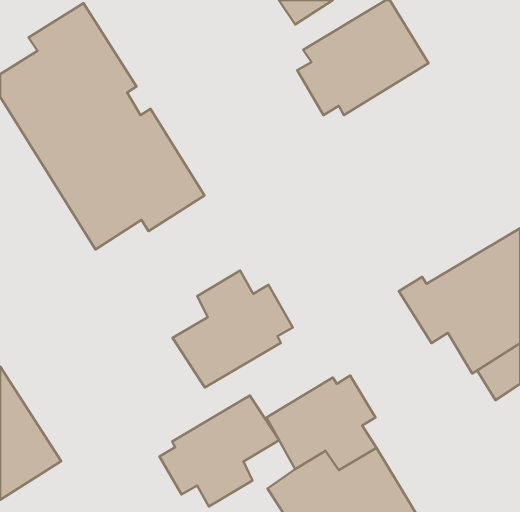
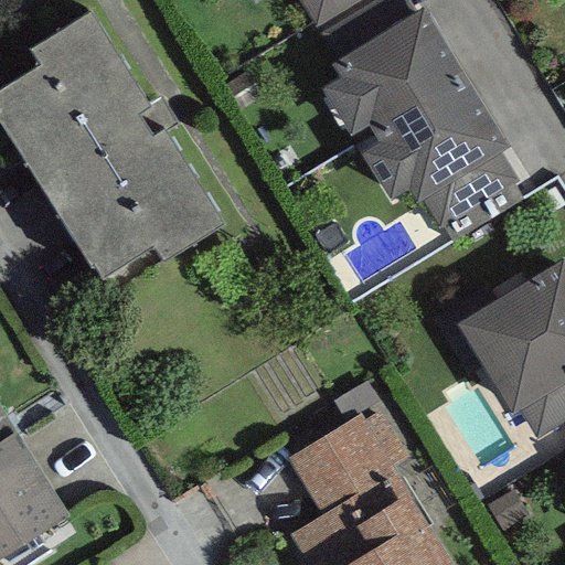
building: none -> [360,77,516,233]
building: [173,270,293,388] -> none
building: [160,396,279,507] -> none

